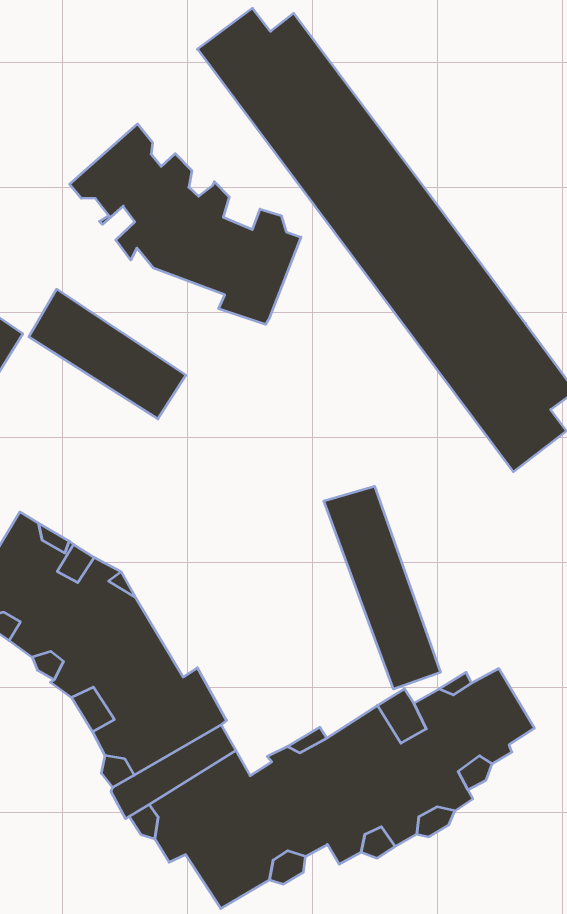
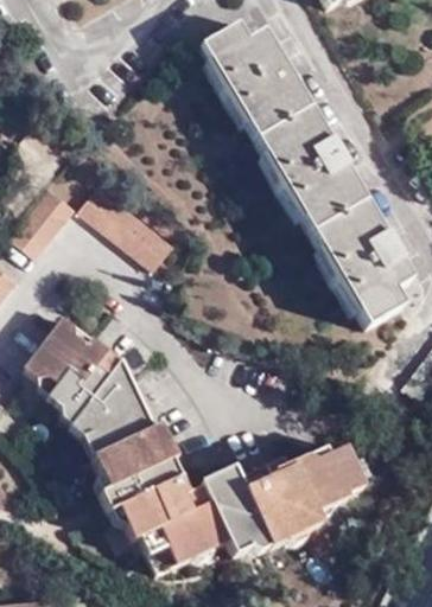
building: [70,124,301,324] -> none
building: [324,486,440,689] -> none

